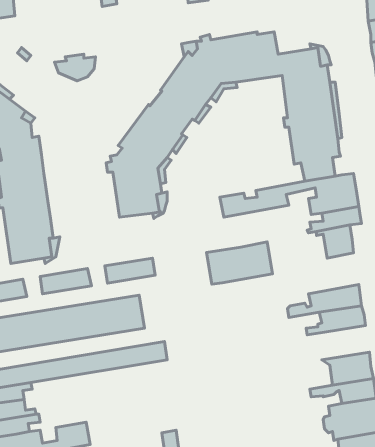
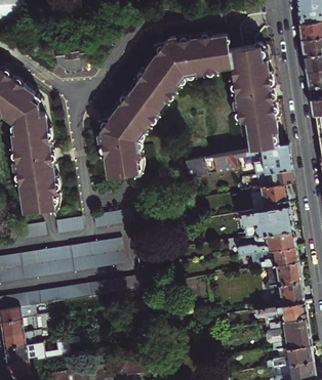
building: [206,242,273,284] -> [241,204,292,237]
building: none -> [264,260,300,287]

